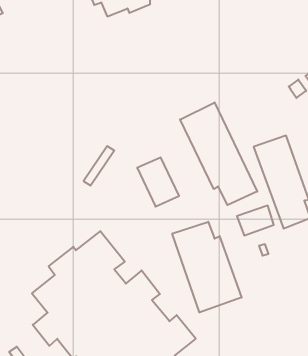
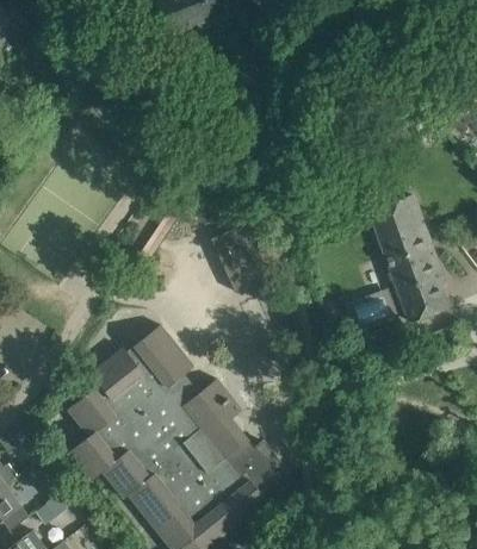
building: [180,102,257,205] -> none
building: [172,222,242,312] -> none

